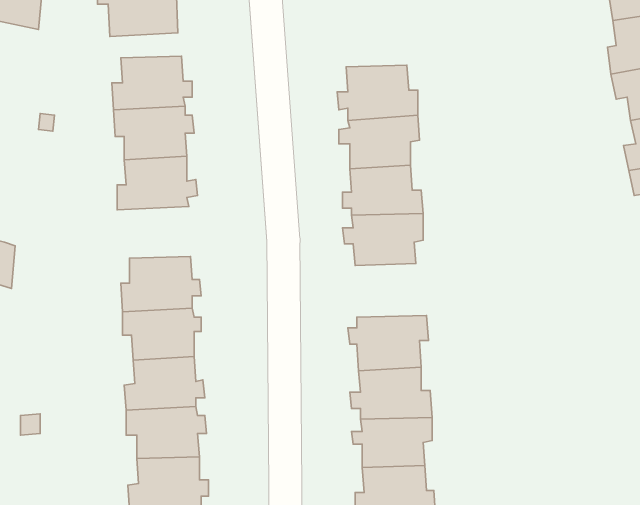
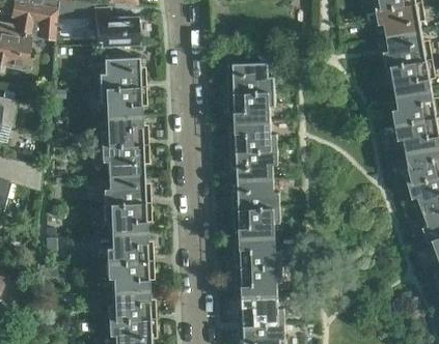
building: none -> [99,146,145,176]
building: none -> [231,179,278,210]

